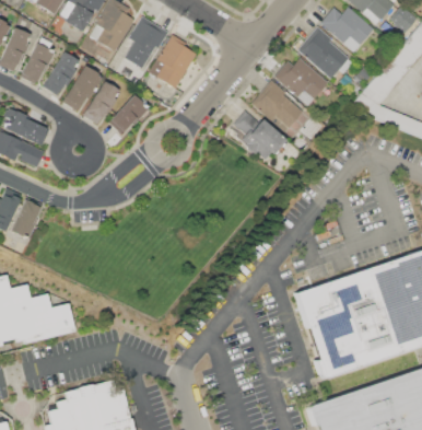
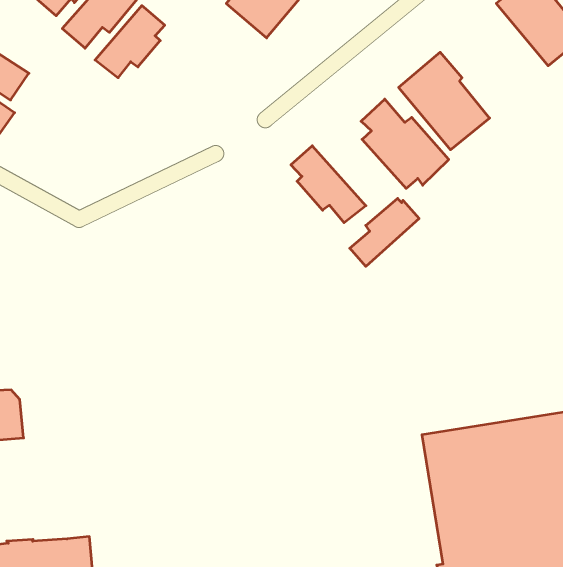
building: [276,57,328,105] -> none
building: [110,94,149,131] -> none
building: none -> [291,146,366,223]
building: none -> [350,198,419,266]

